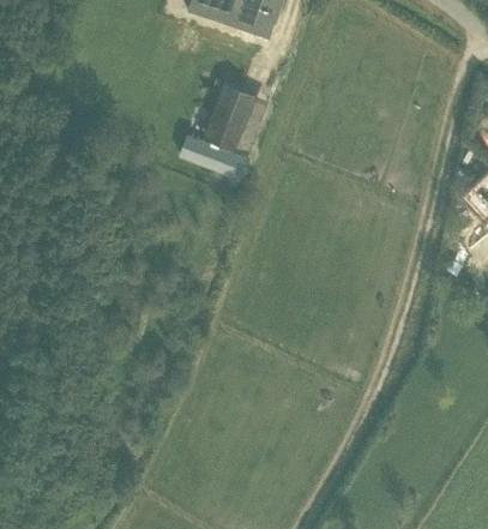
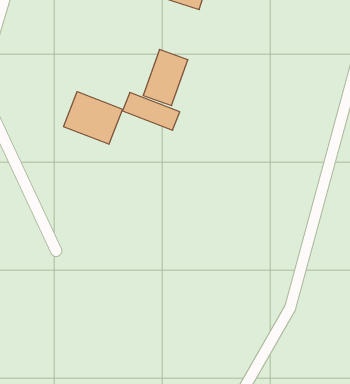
building: none -> [64,92,123,144]

